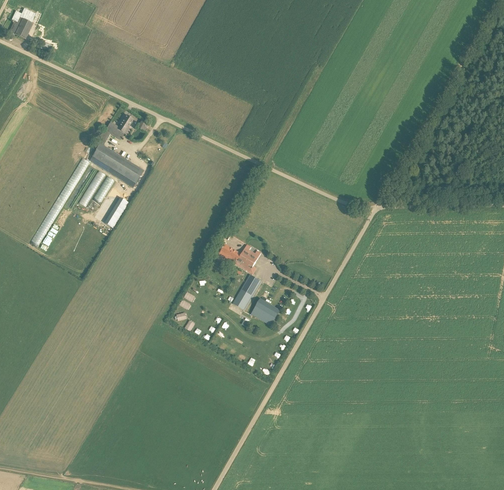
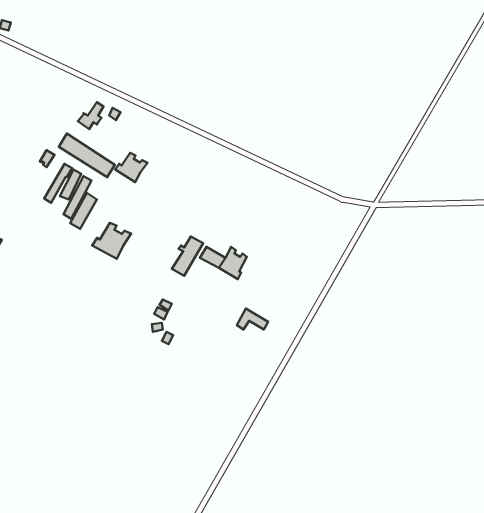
building: none -> [115,153,147,182]
building: none -> [92,223,131,259]
building: [233,275,261,310] -> [172,236,203,276]

